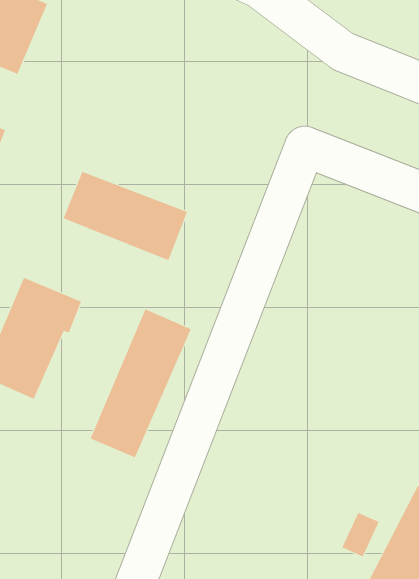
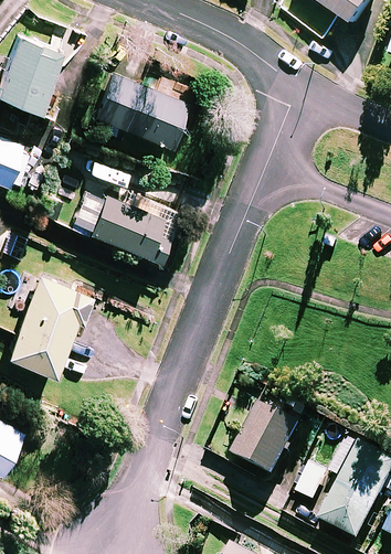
building: none -> [89,72,183,146]
building: [90,308,192,458] -> none
building: none -> [232,404,299,476]

